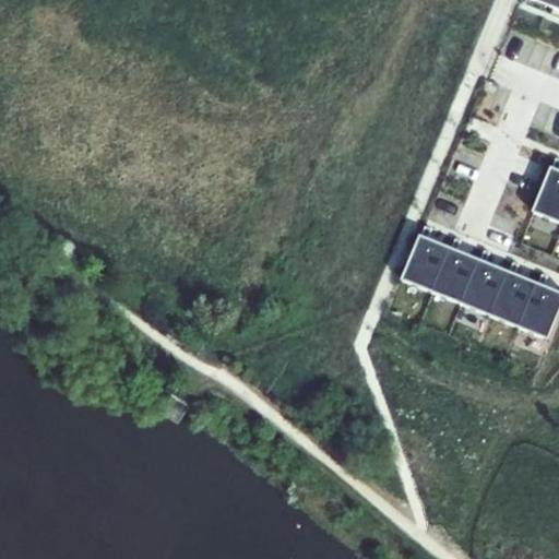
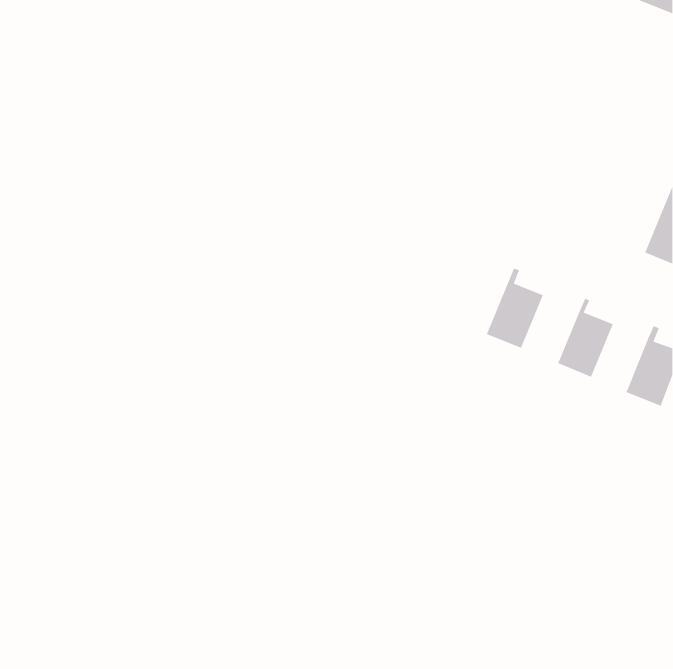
building: [432,235,480,301] -> none
building: [490,258,537,325] -> none

